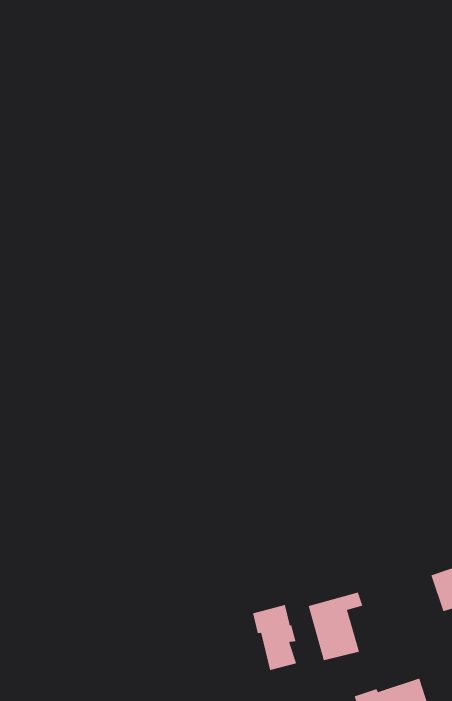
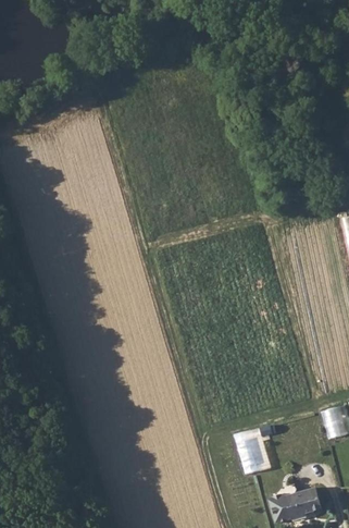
building: [253,604,297,671] -> none

